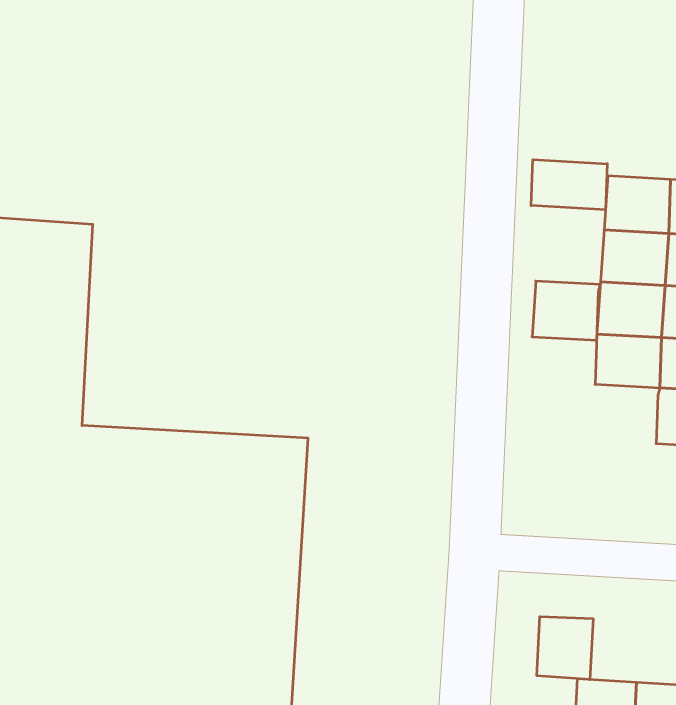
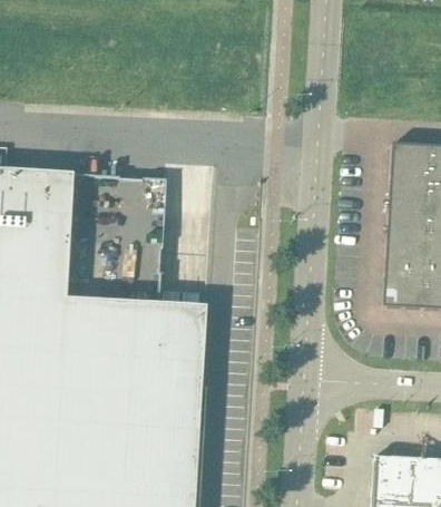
building: [531,160,607,210] -> none
building: [532,281,600,340] -> [383,272,425,309]
building: [537,617,593,680] -> none

